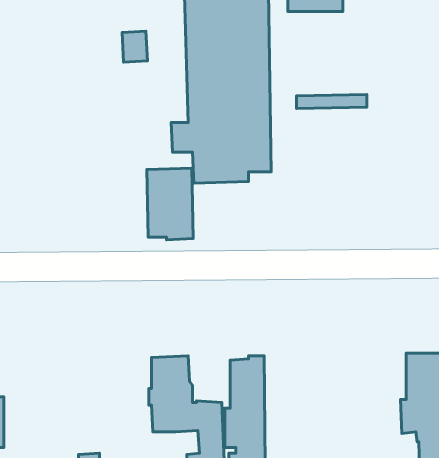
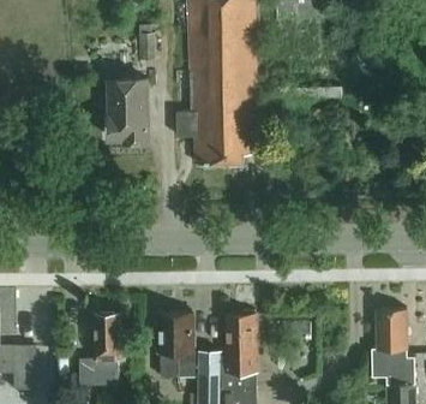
building: [147,168,193,240] -> [109,79,149,141]
building: none -> [80,313,125,385]

